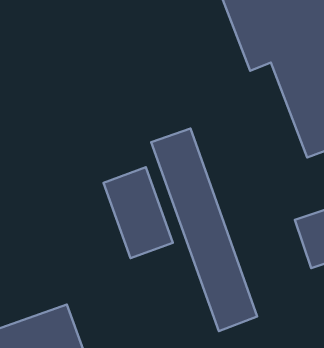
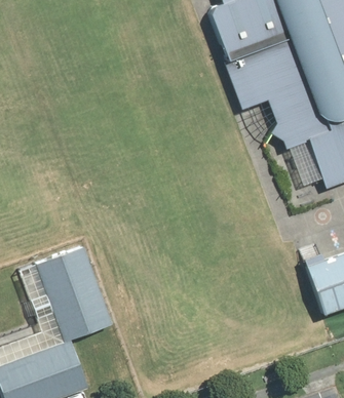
building: [151,129,257,331] -> none
building: [104,167,173,258] -> [41,247,110,337]

